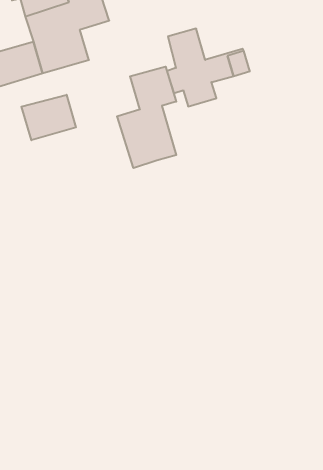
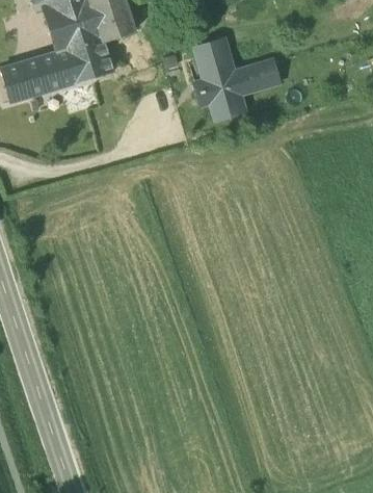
building: [117,67,176,168] -> none
building: [21,95,76,140] -> none

